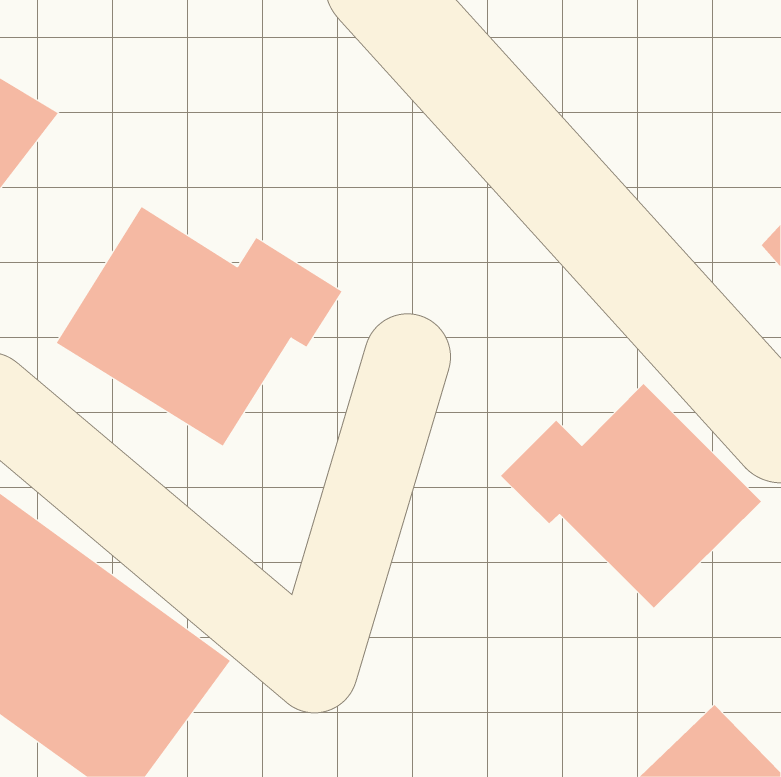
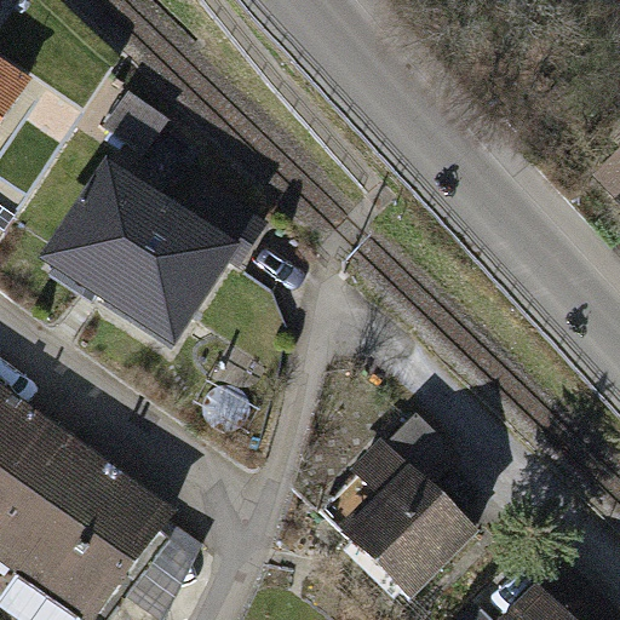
building: [500,383,762,609] -> none
building: none -> [332,431,471,599]

